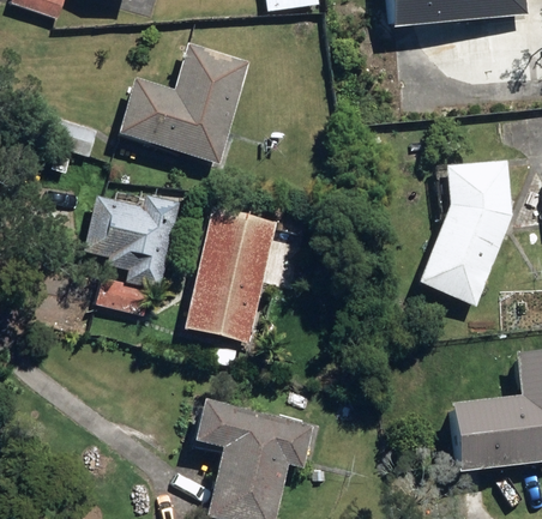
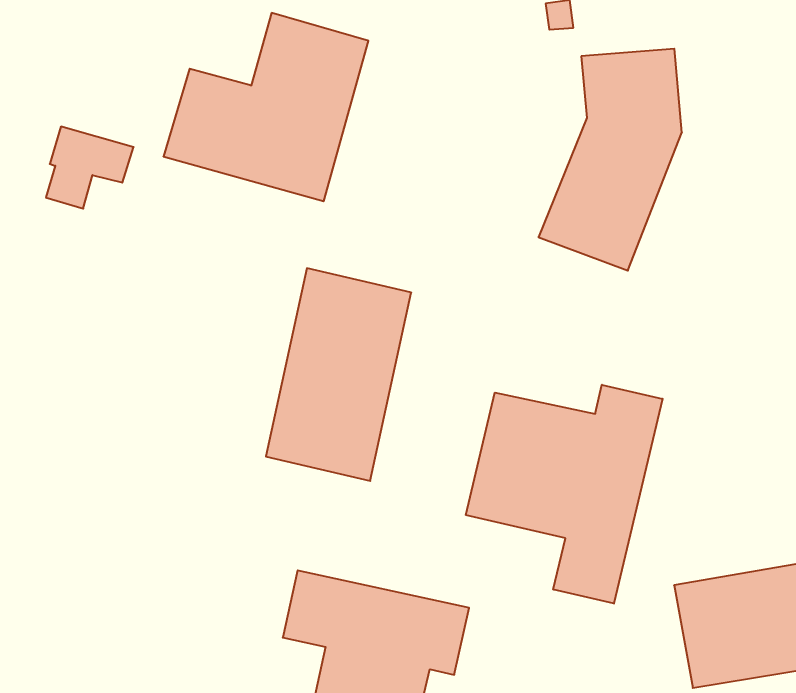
building: [420,159,512,302] -> [538,49,682,271]
building: [84,193,180,312] -> none
building: none -> [466,385,663,604]

